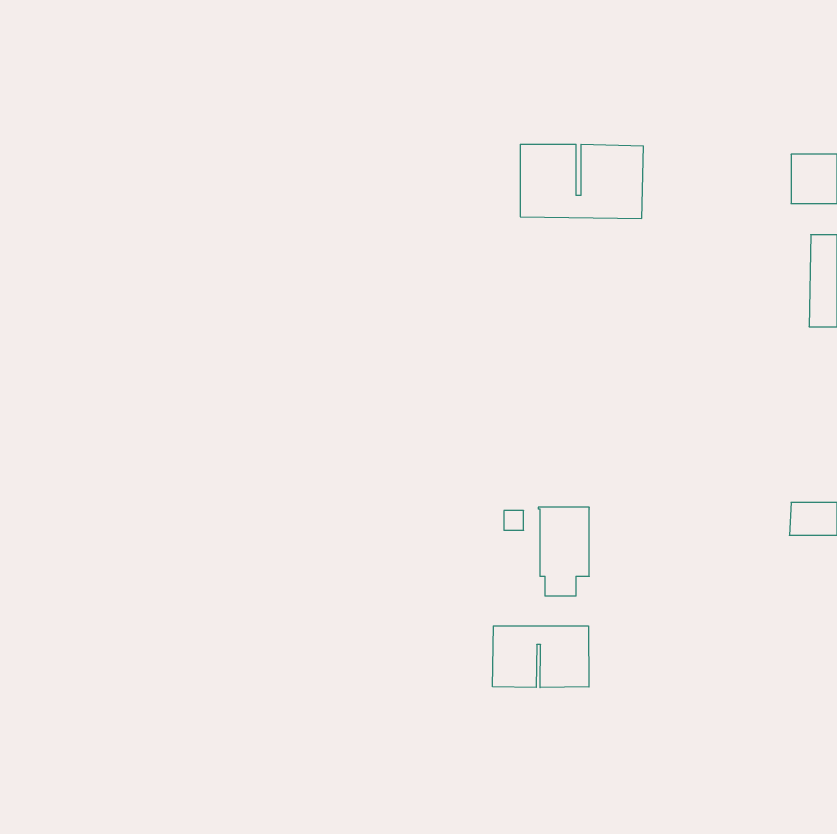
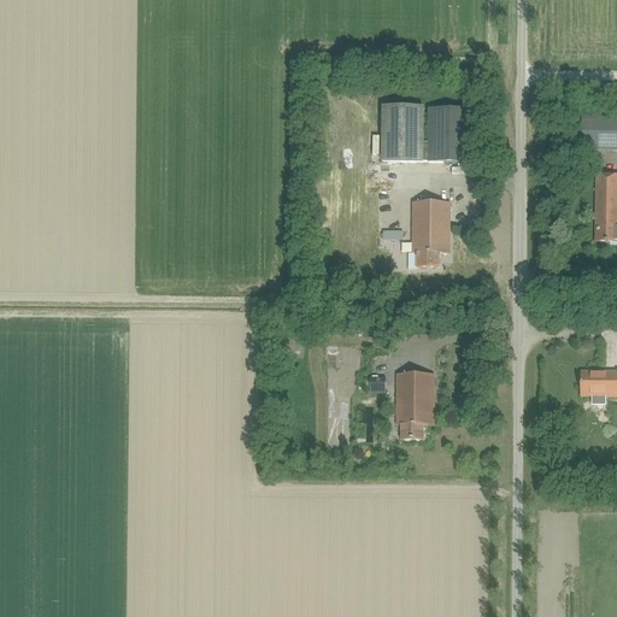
building: none -> [412,201,449,266]
building: [493,626,589,688] -> none

